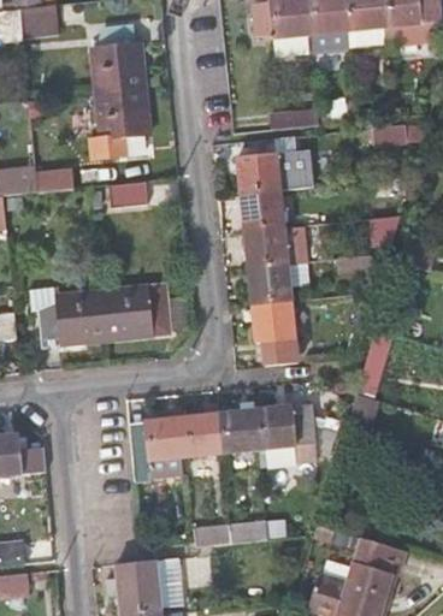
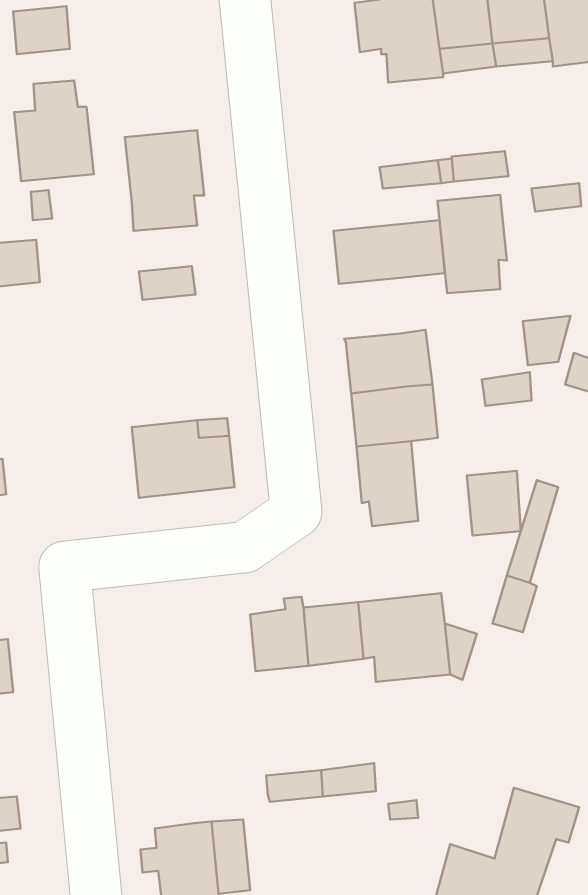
building: [93,25,147,94] -> [14,80,94,181]
building: none -> [438,195,507,293]
building: [243,190,285,231] -> none
building: [30,288,107,346] -> none
building: none -> [467,471,521,536]
building: [130,410,188,480] -> none

